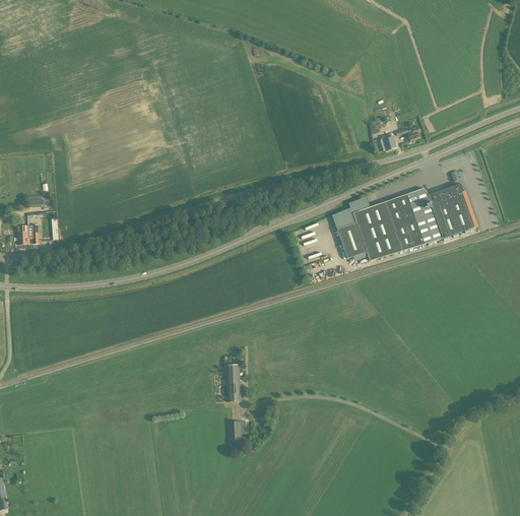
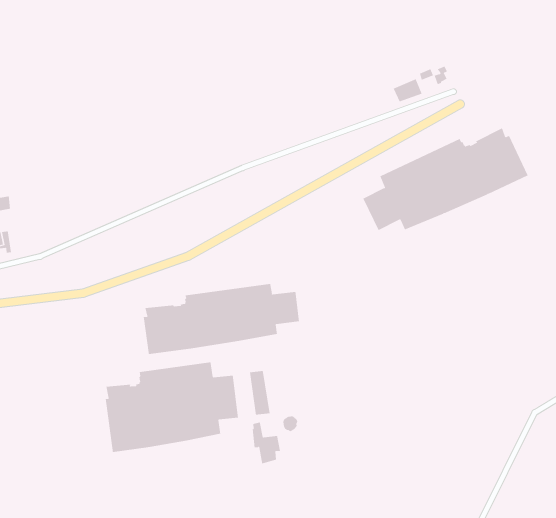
building: none -> [143,283,300,355]
building: none -> [105,362,239,453]

